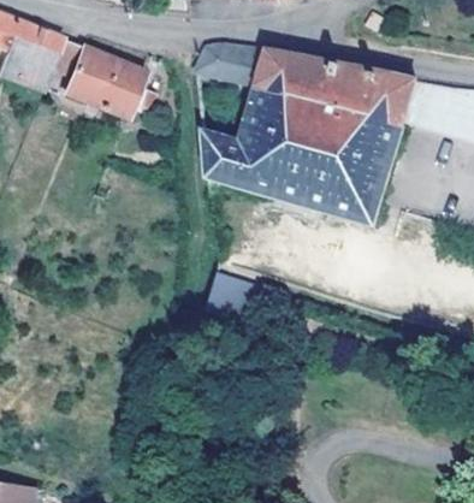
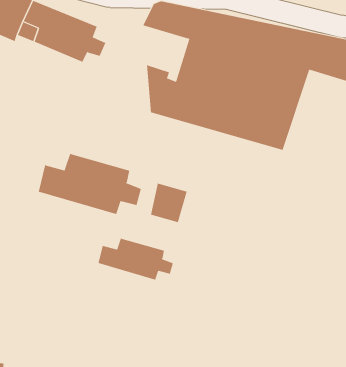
building: none -> [38,153,142,215]
building: none -> [98,238,173,280]

